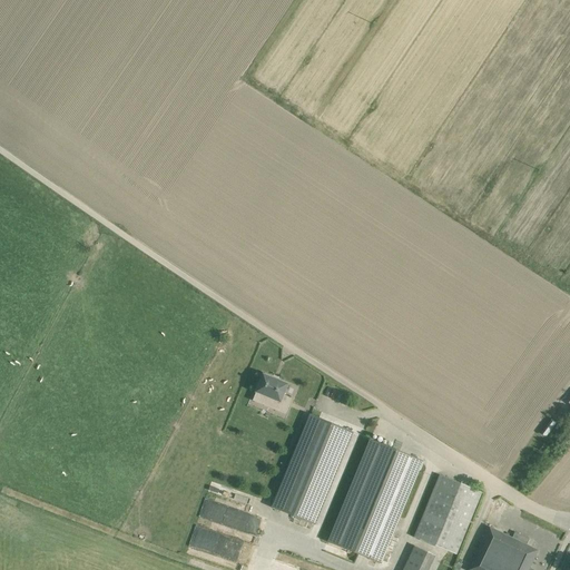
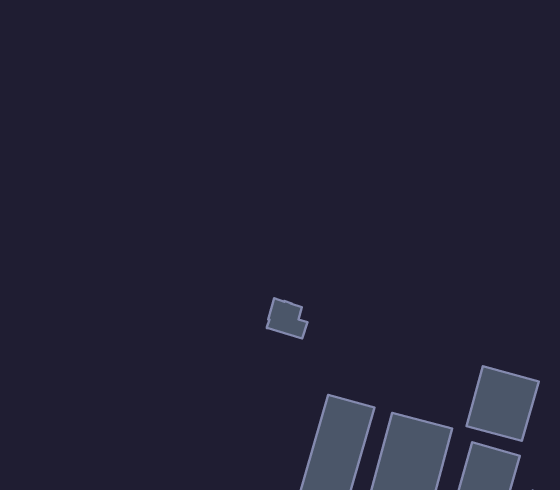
building: [253,374,291,414] -> [267,298,307,339]
building: none -> [467,366,539,441]

